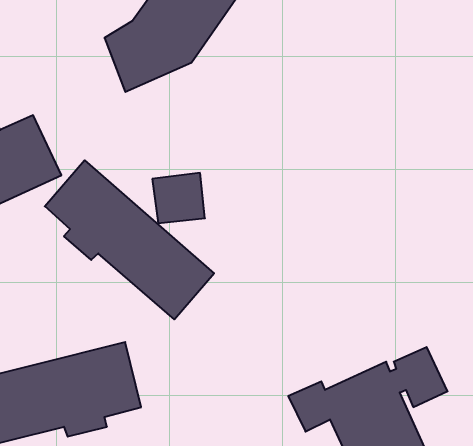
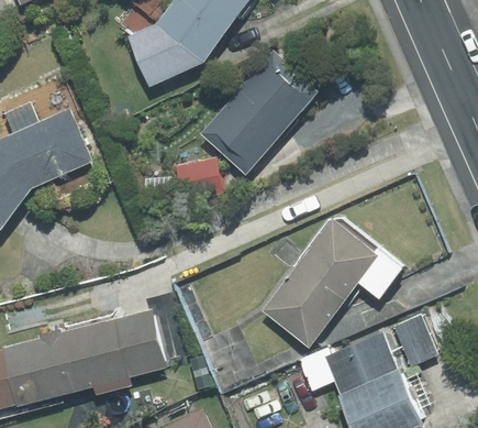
building: none -> [198,50,320,176]
building: [45,160,214,319] -> none
building: none -> [258,213,403,349]

